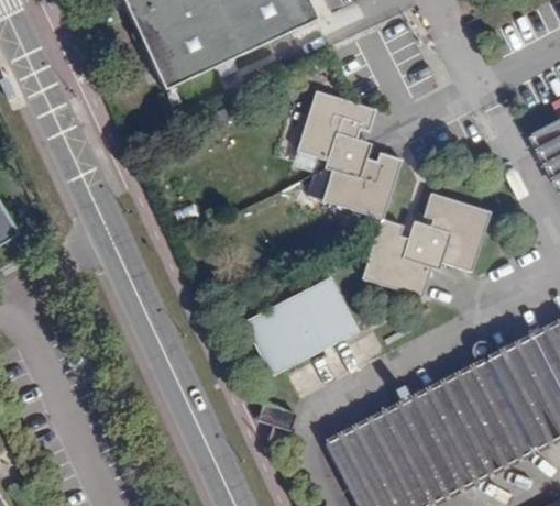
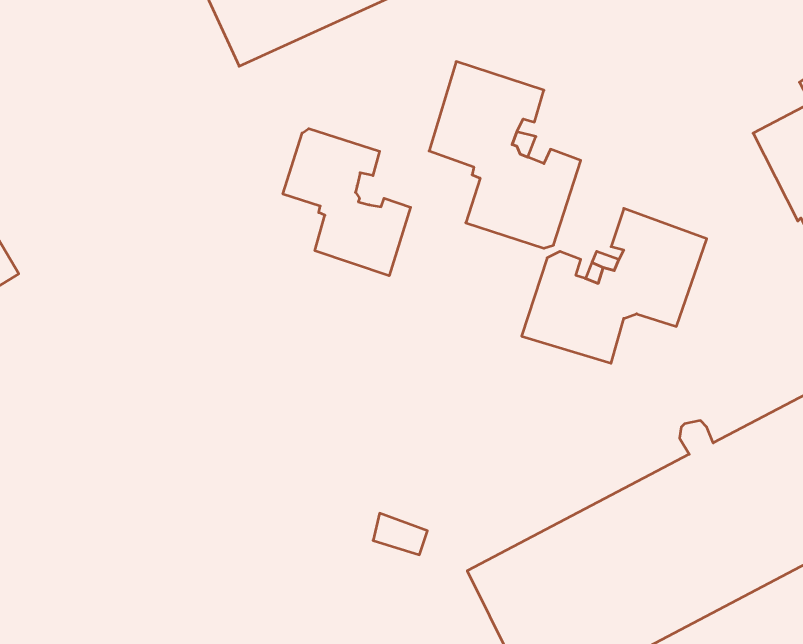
building: none -> [283,129,411,276]
building: [244,275,360,374] -> none

